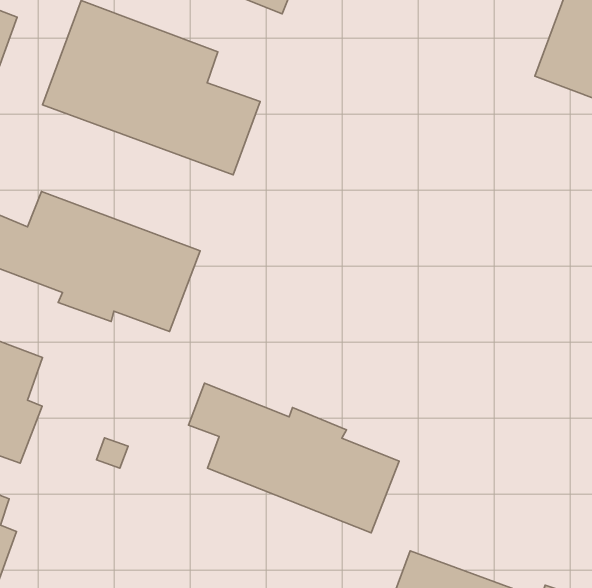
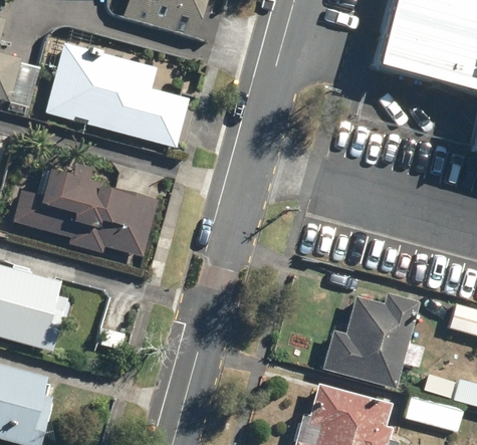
building: [188,383,399,533] -> none
building: none -> [320,290,420,391]

